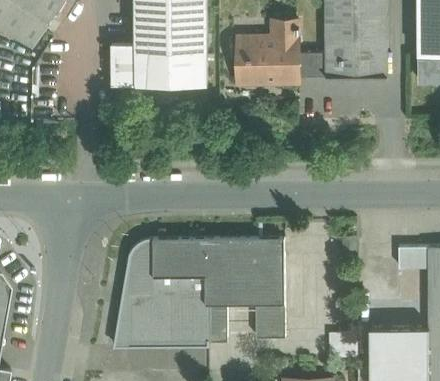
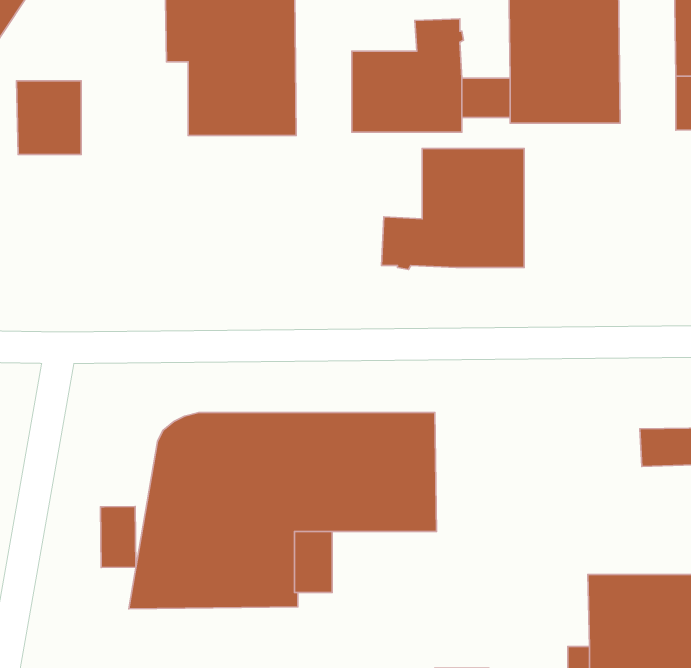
building: [111,43,147,84] -> [16,81,81,155]
building: none -> [381,149,524,270]
building: none -> [101,506,136,568]
building: [256,304,285,338] -> none

